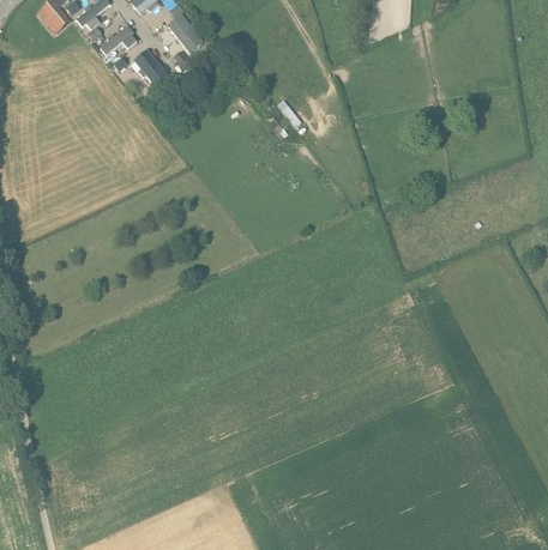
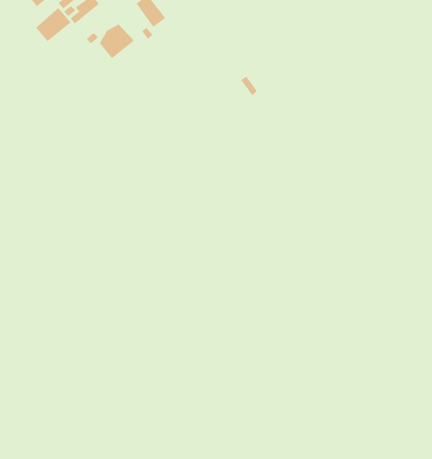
building: none -> [35,7,72,42]

